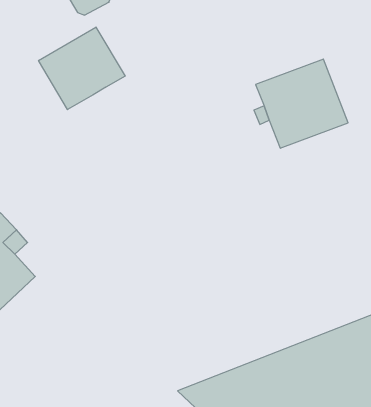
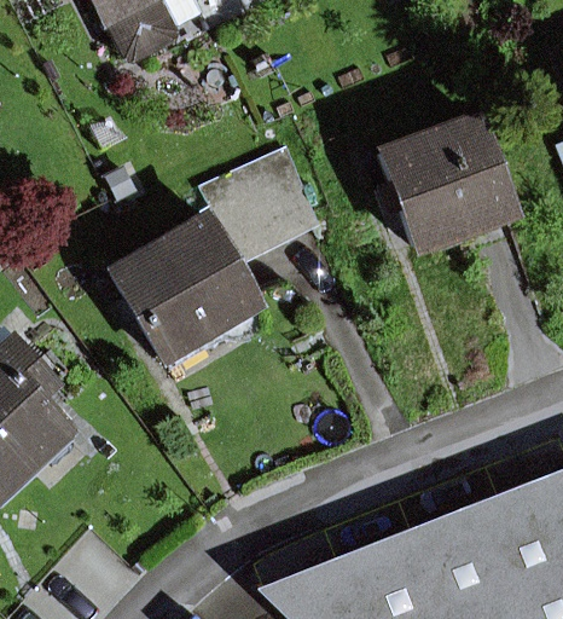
building: [39,27,125,110] -> none
building: none -> [112,152,314,359]

